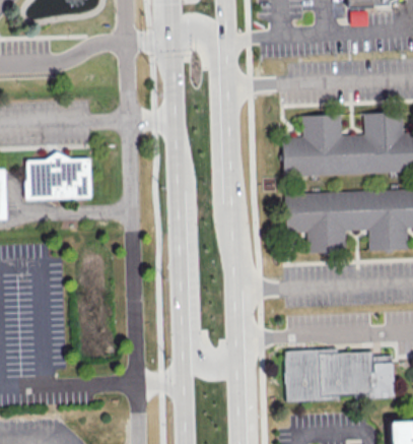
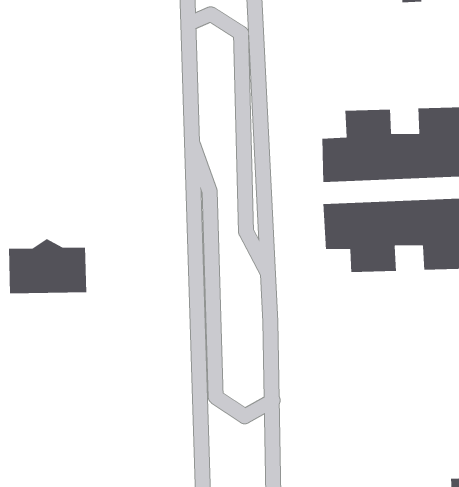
building: [25,152,91,199] -> [8,238,87,294]
building: [285,348,395,402] -> none

